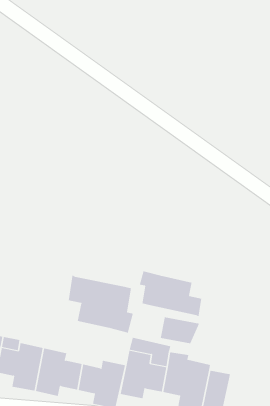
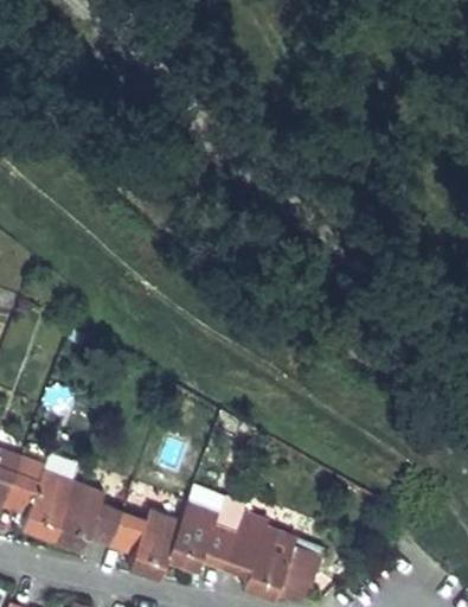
building: [139,271,202,317] -> none
building: [68,275,133,333] -> none
building: [160,317,200,344] -> none

